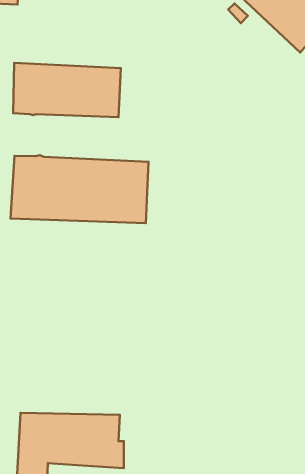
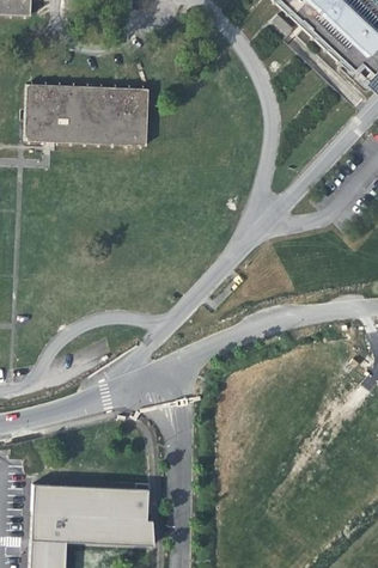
building: [11,155,149,223] -> none

